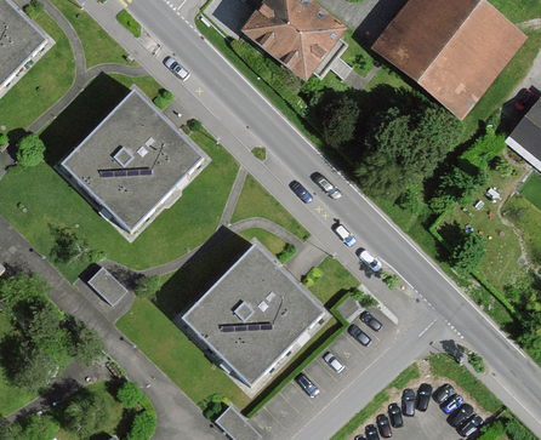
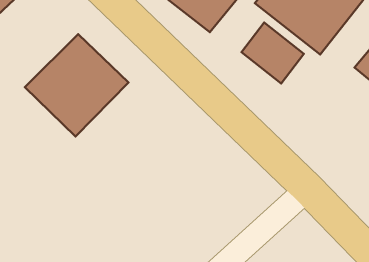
building: none -> [241,23,304,83]
building: [180,241,323,384] -> none

